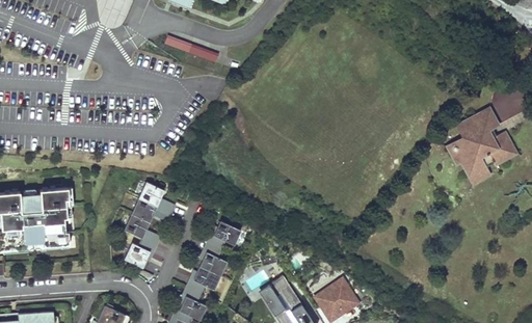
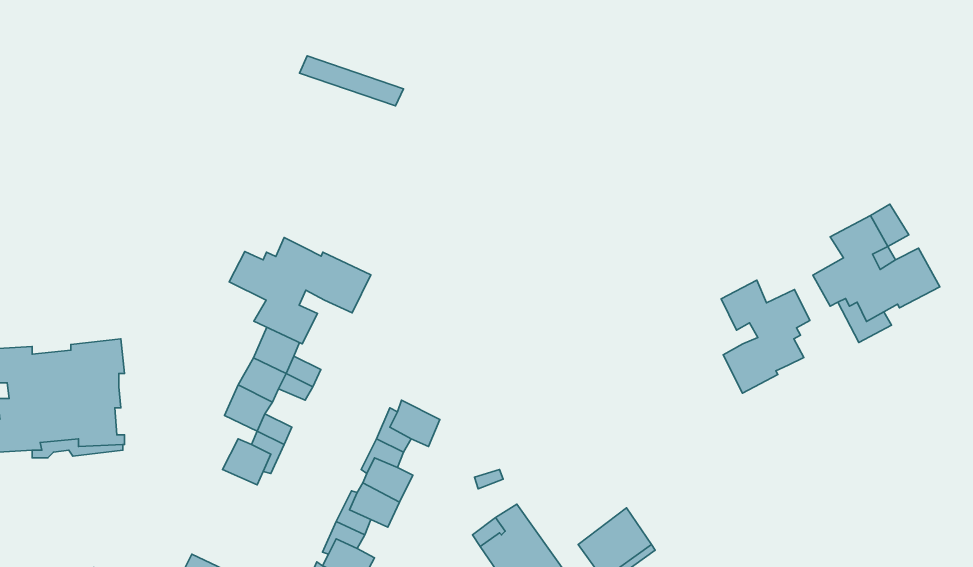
building: [487,87,523,123] -> none
building: none -> [229,238,371,344]
building: none -> [721,280,810,393]

